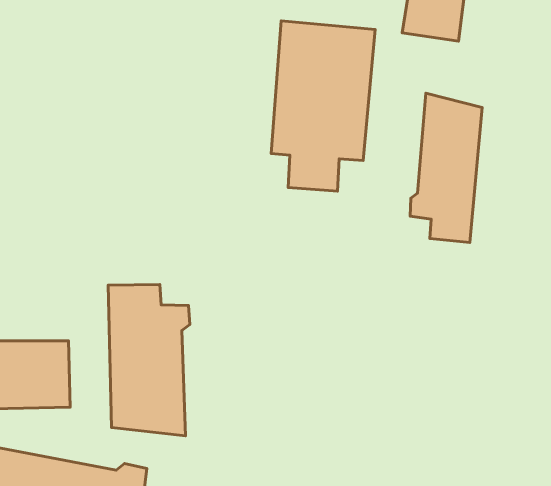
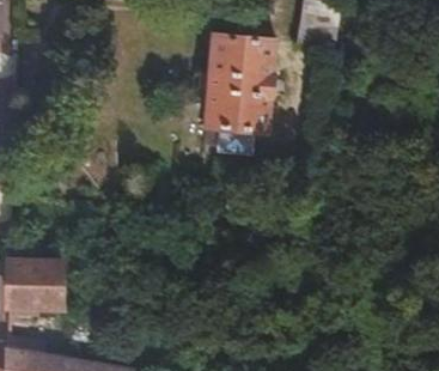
building: [410,93,482,243] -> none
building: [108,285,190,436] -> none

